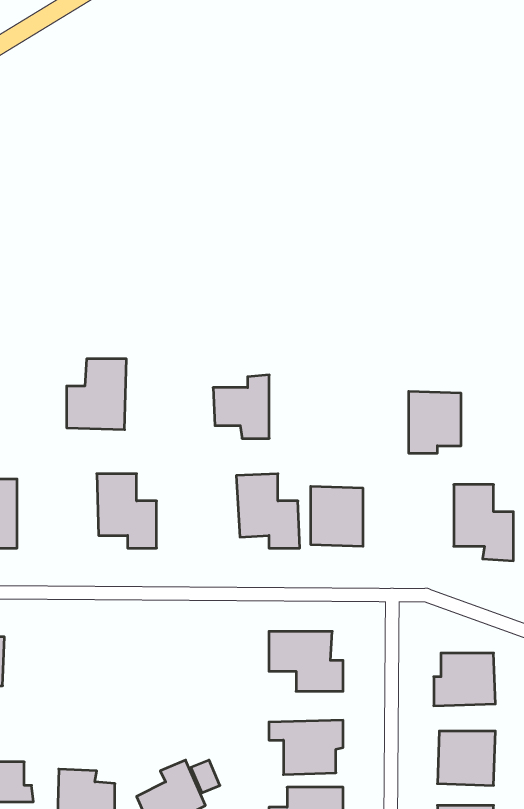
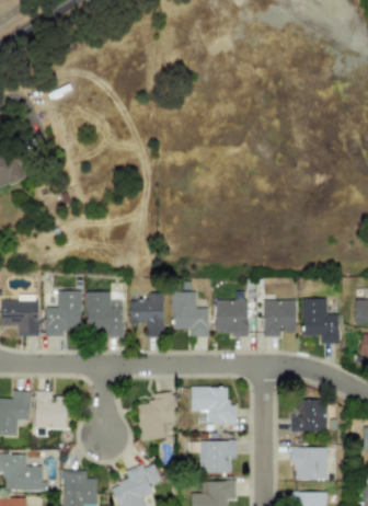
building: [67,359,126,430] -> [47,290,83,333]
building: [213,375,269,438] -> [130,292,164,331]
building: [409,391,461,453] -> [265,299,297,336]
building: none -> [36,391,68,429]
building: none -> [138,391,176,440]

